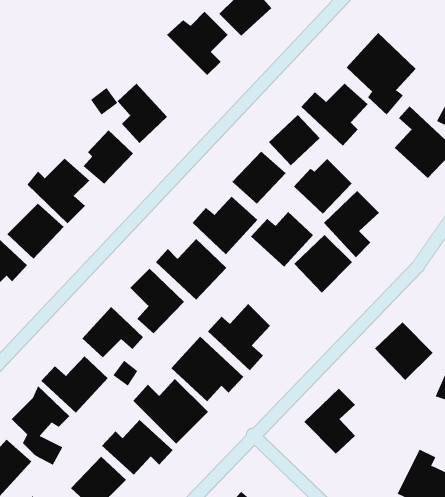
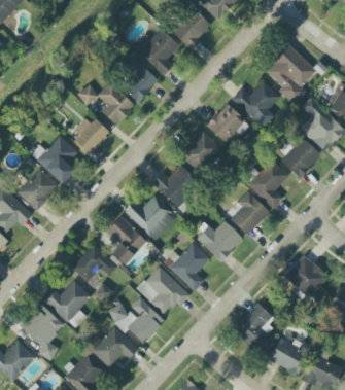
building: none -> [116,58,160,100]
building: [293,158,353,215] -> [278,137,321,178]
building: [250,211,314,268] -> [197,220,243,261]
building: none -> [270,338,310,375]

